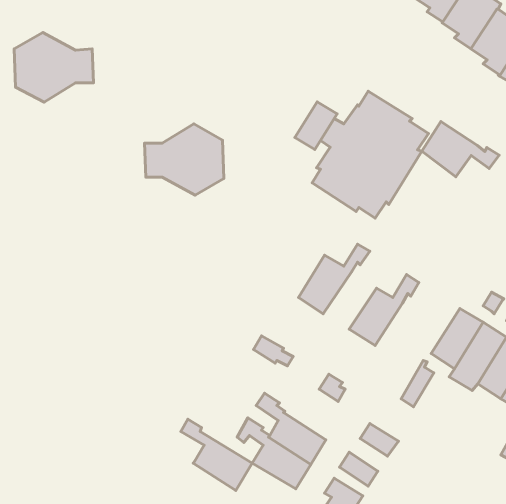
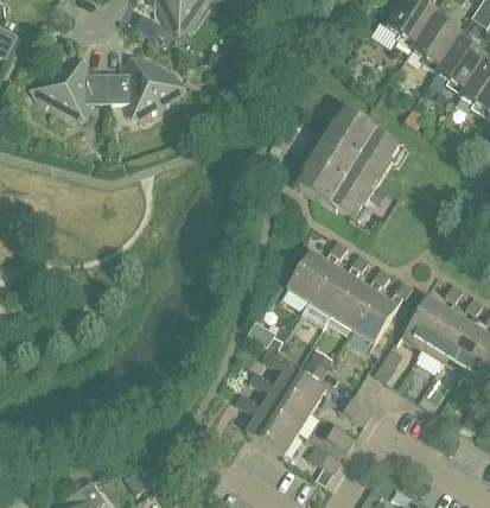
building: [295,102,337,150] -> none
building: [422,122,499,177] -> none
building: [144,124,224,195] -> [107,56,176,118]
building: none -> [300,254,369,329]
building: none -> [352,282,412,343]
building: [181,419,252,490] -> [262,350,324,412]

